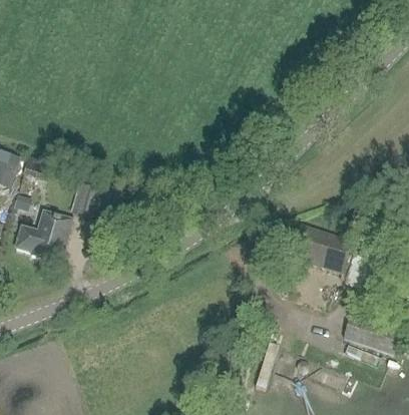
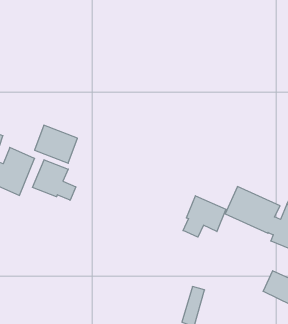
building: none -> [32,160,76,200]
building: none -> [183,196,226,237]

